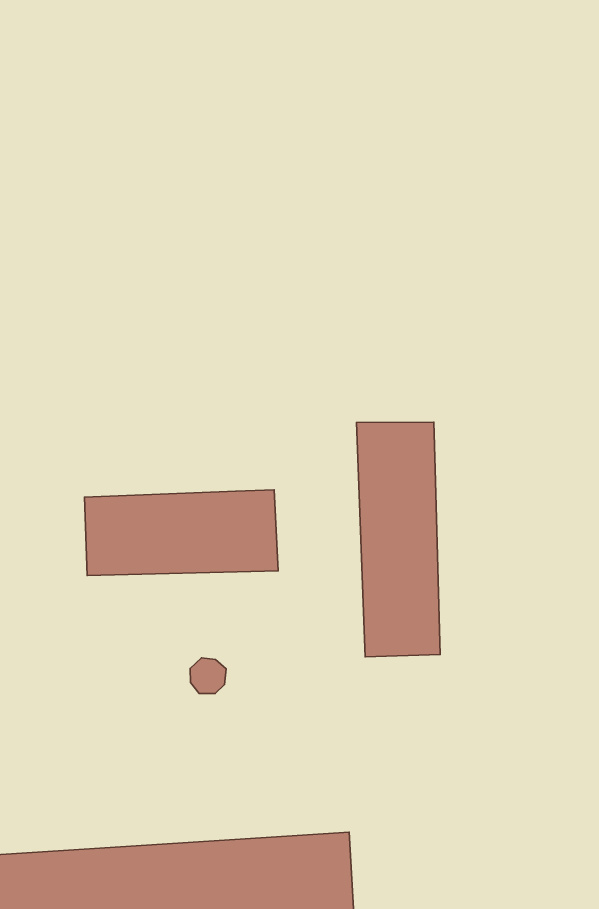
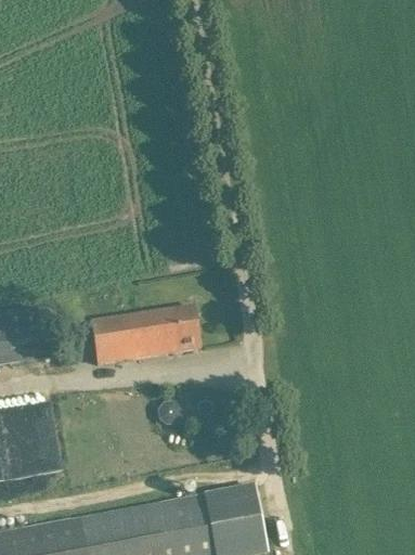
building: [357,422,440,657] -> none

